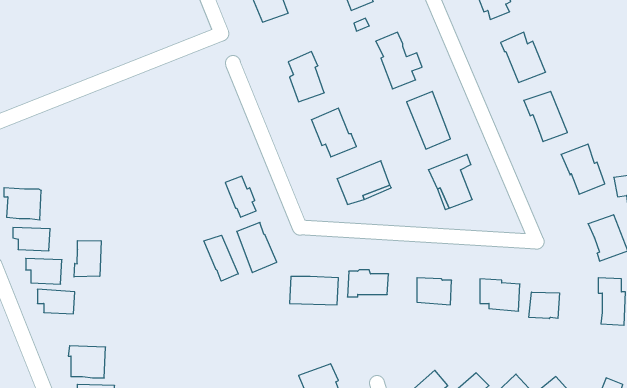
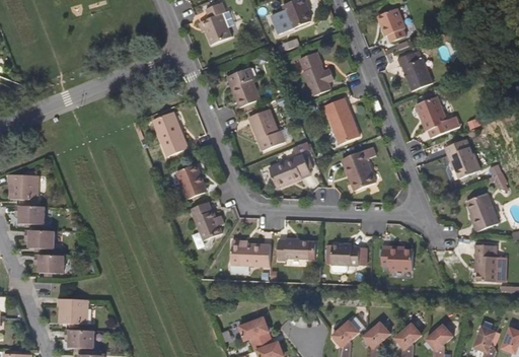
building: none -> [153,112,189,156]
building: [204,235,238,281] -> none
building: [74,241,101,277] -> none
building: [529,292,559,319] -> none

